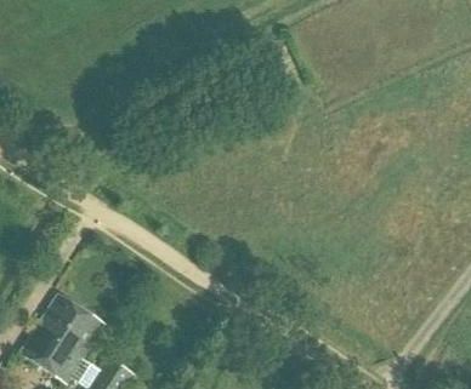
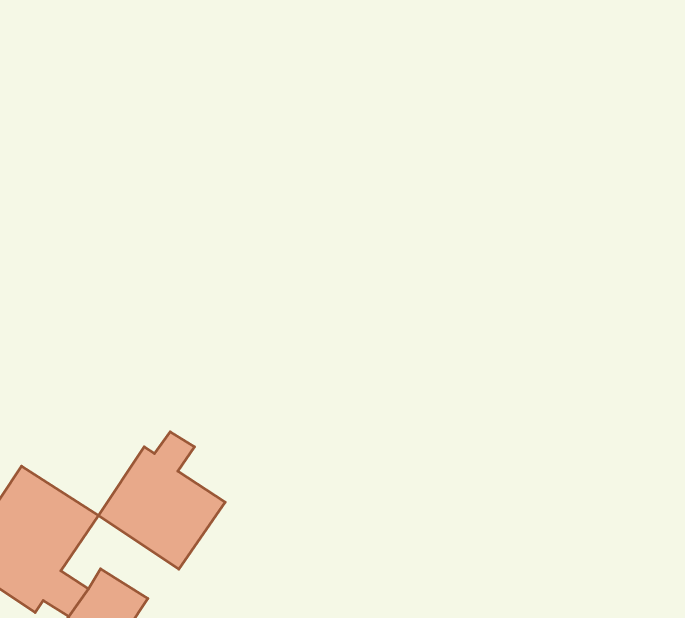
building: none -> [99,432,225,569]

